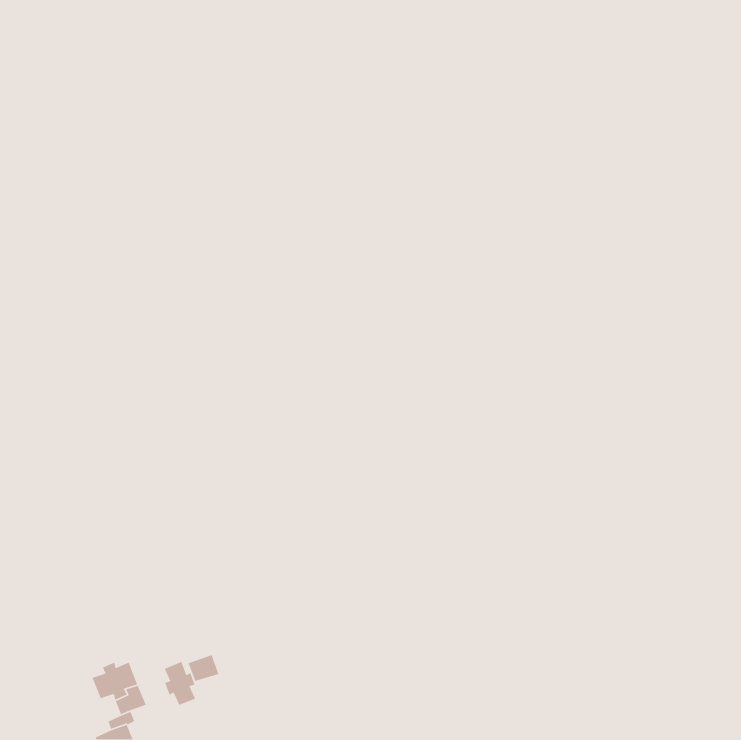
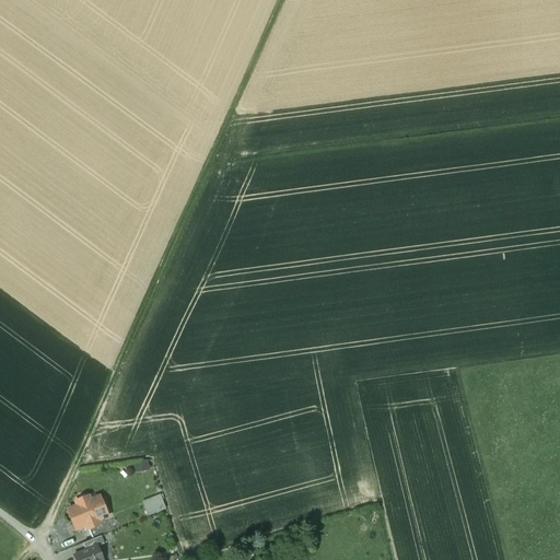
building: [164,661,196,706] -> none

